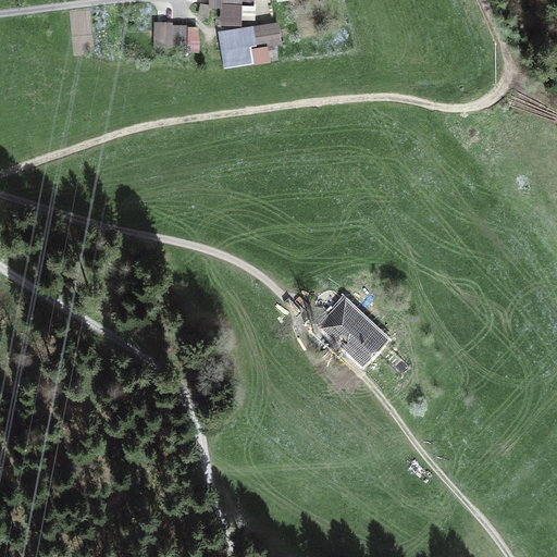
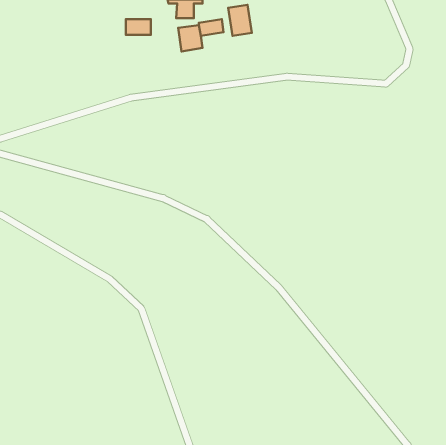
building: none -> [228,5,252,36]
building: [323,301,380,358] -> none

